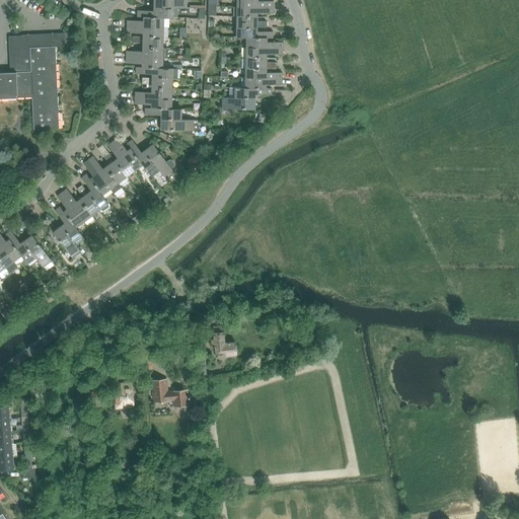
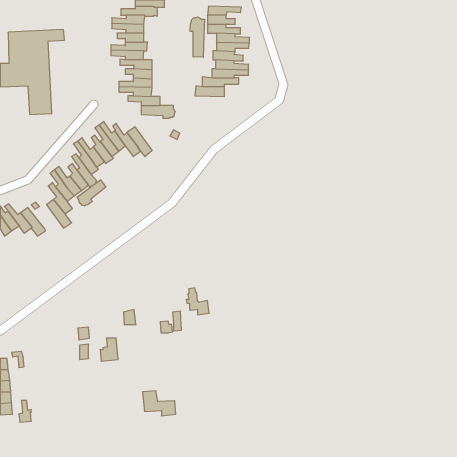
building: none -> [190,17,204,57]
building: none -> [77,180,106,206]
building: [151,379,189,407] -> [143,391,176,416]

